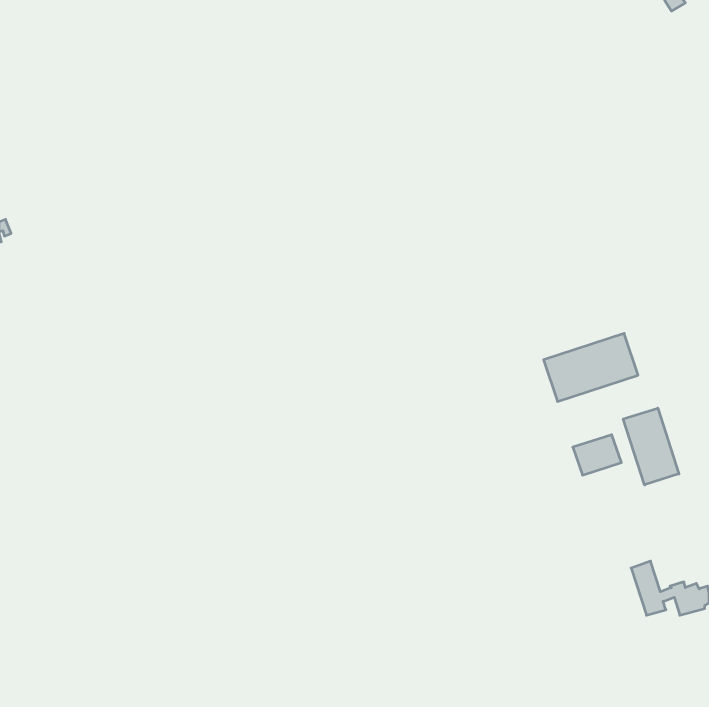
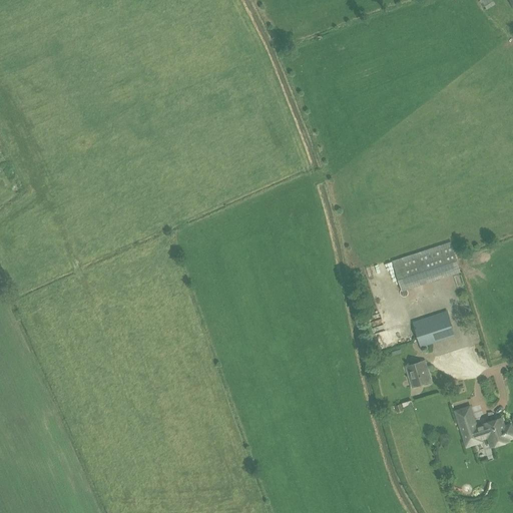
building: [623,408,679,485] -> none
building: none -> [405,359,431,386]

